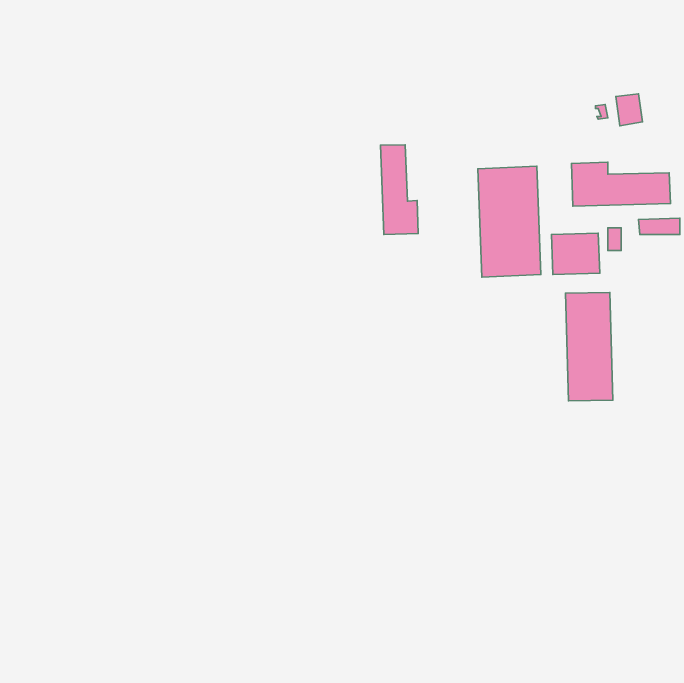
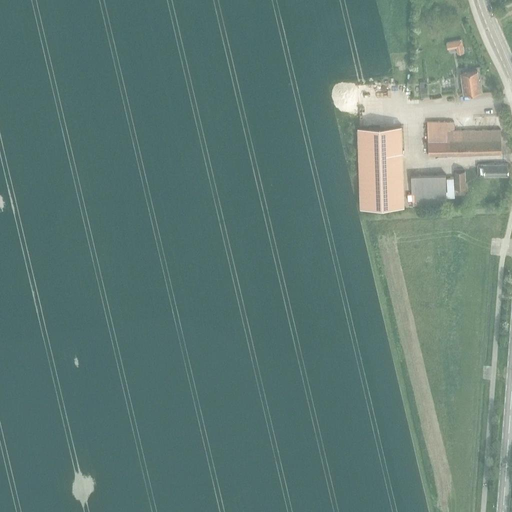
building: [381,145,418,235] -> none
building: [565,292,613,401] -> none

